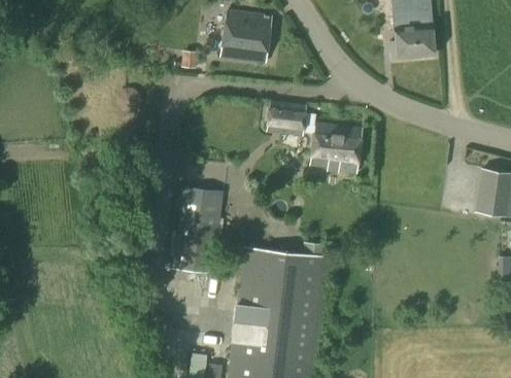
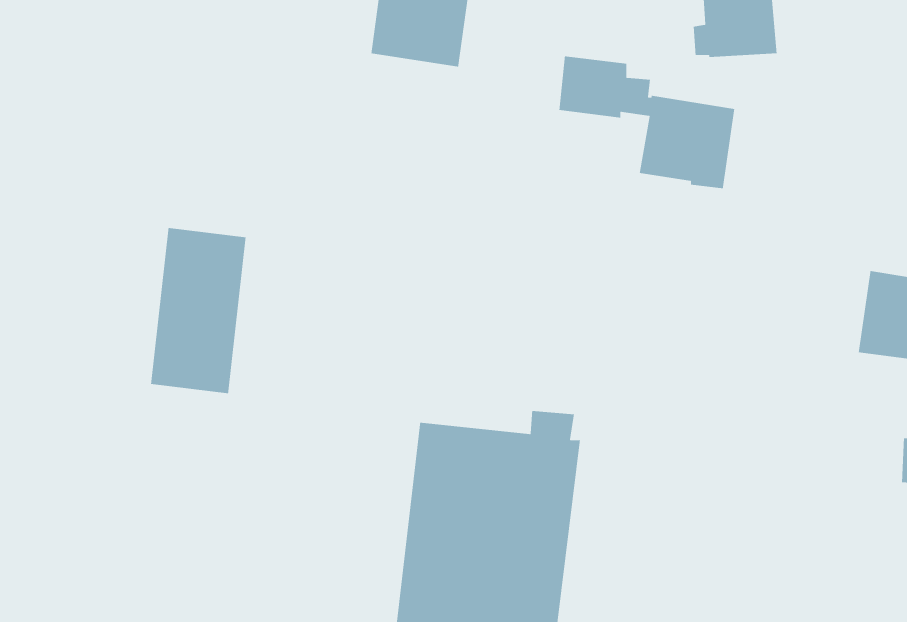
building: [268,101,361,171] -> [558,55,735,189]
building: [172,185,223,273] -> [150,227,246,394]

